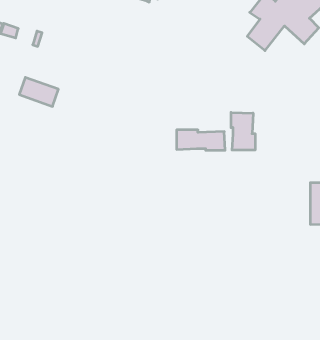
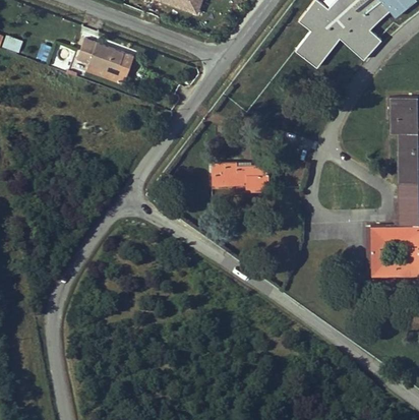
building: [19,77,58,106] -> [77,39,124,73]
building: [231,112,255,150] -> none

